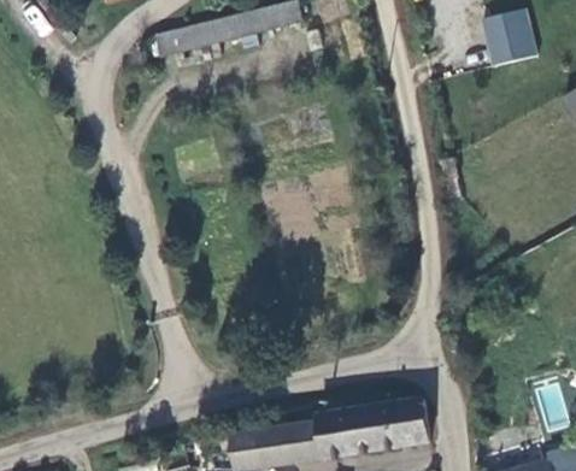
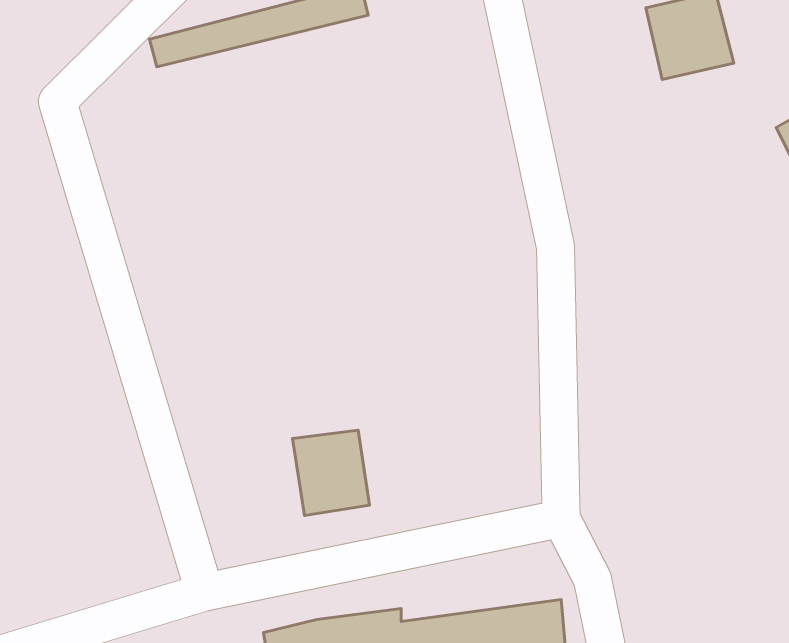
building: none -> [292,430,370,515]

